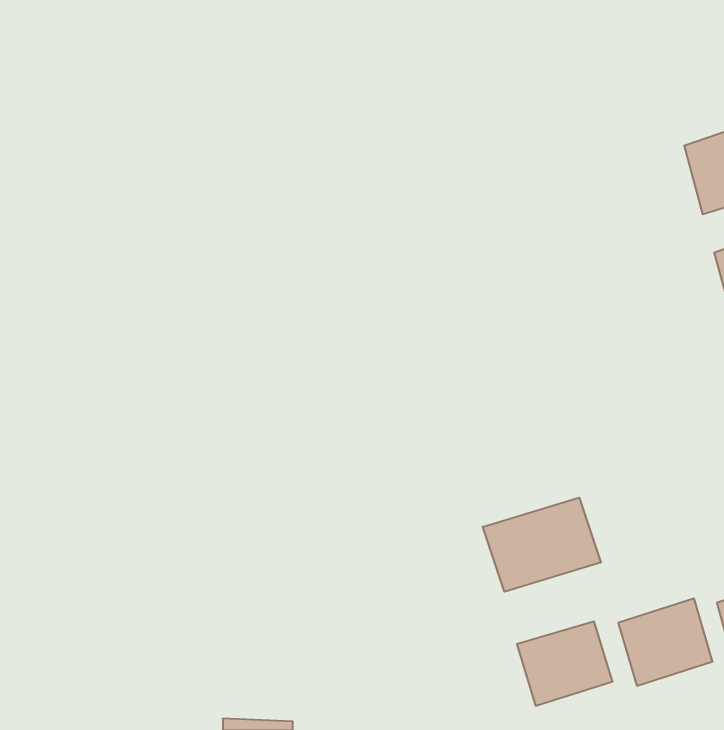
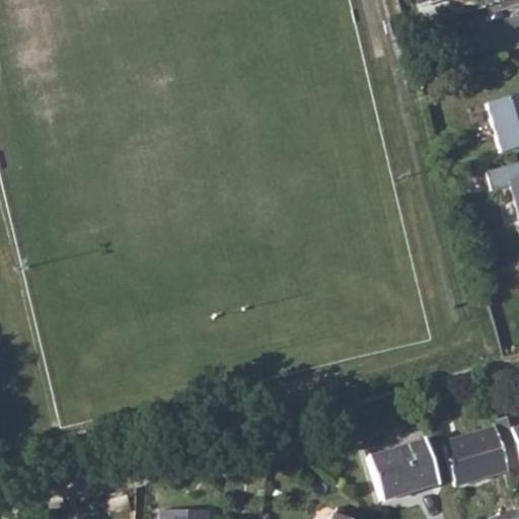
building: [483,498,601,592] -> none

